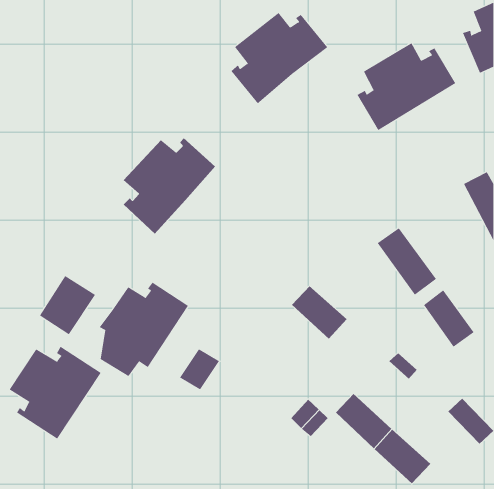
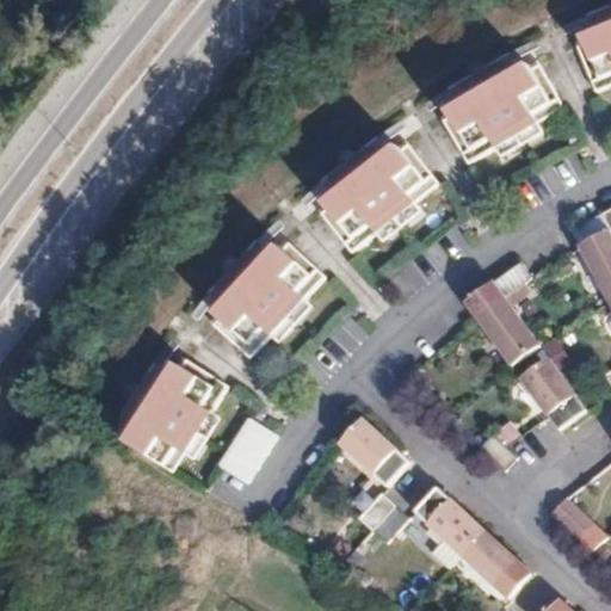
building: [230,12,328,104] -> [315,138,436,252]
building: [123,138,216,234] -> [209,237,323,357]
building: [39,275,96,335] -> none
building: [291,285,347,340] -> [339,418,408,485]
building: [9,346,102,440] -> none

